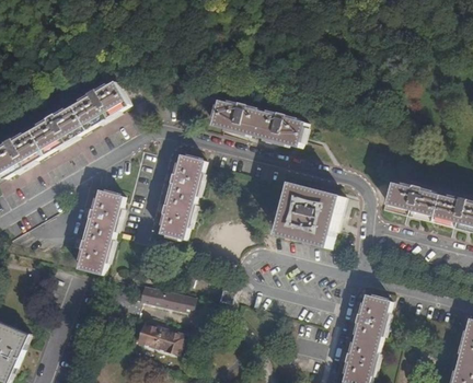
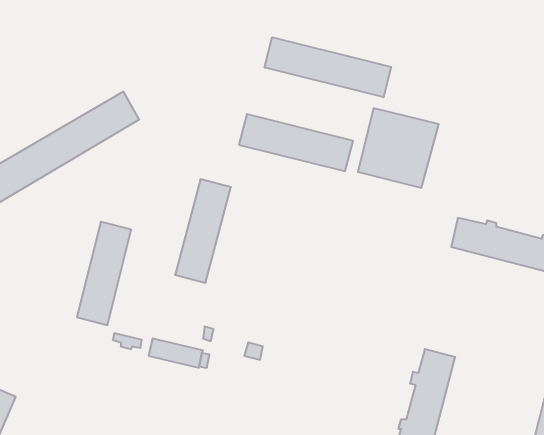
building: none -> [265,37,391,97]
building: [275,183,342,248] -> [358,108,439,188]
building: [128,318,178,352] -> none

